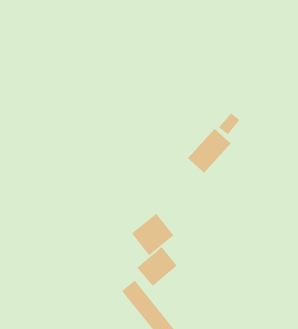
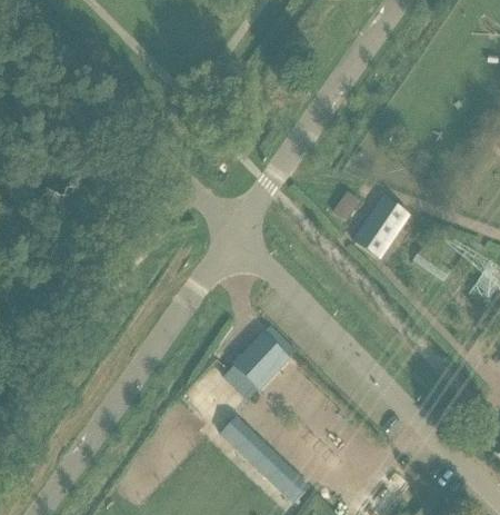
building: [187,128,231,174] -> [356,197,411,258]
building: [137,246,178,287] -> none

